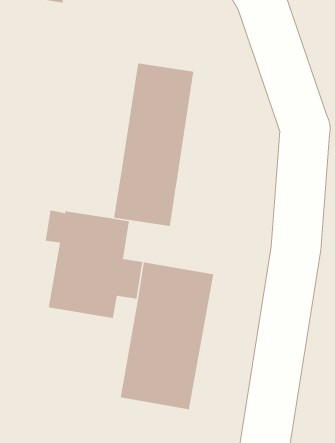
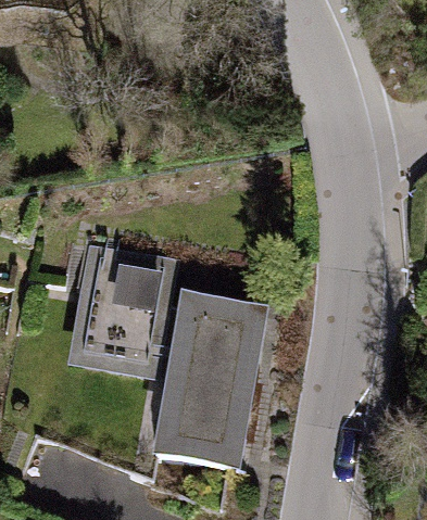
building: [113,63,194,227] -> none

